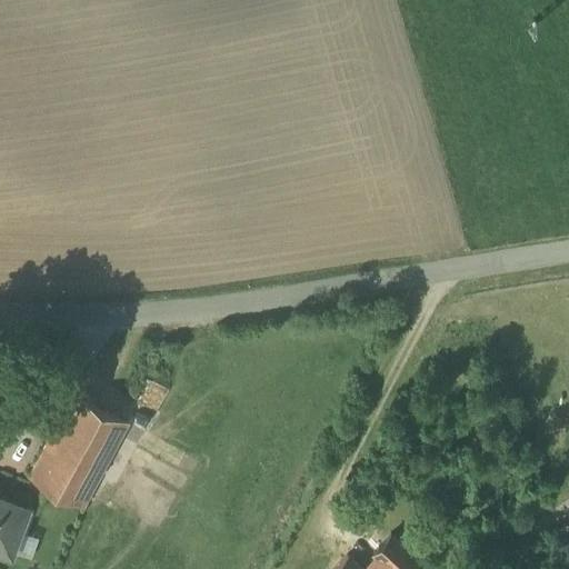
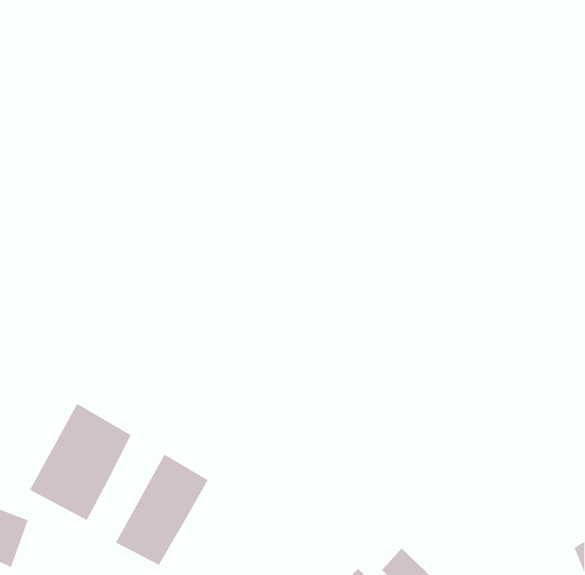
building: none -> [115,454,209,566]

